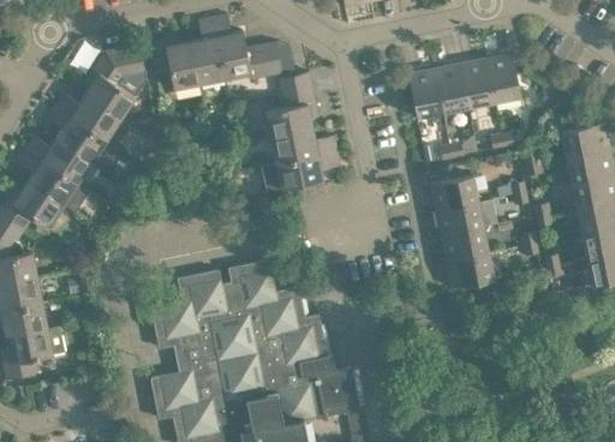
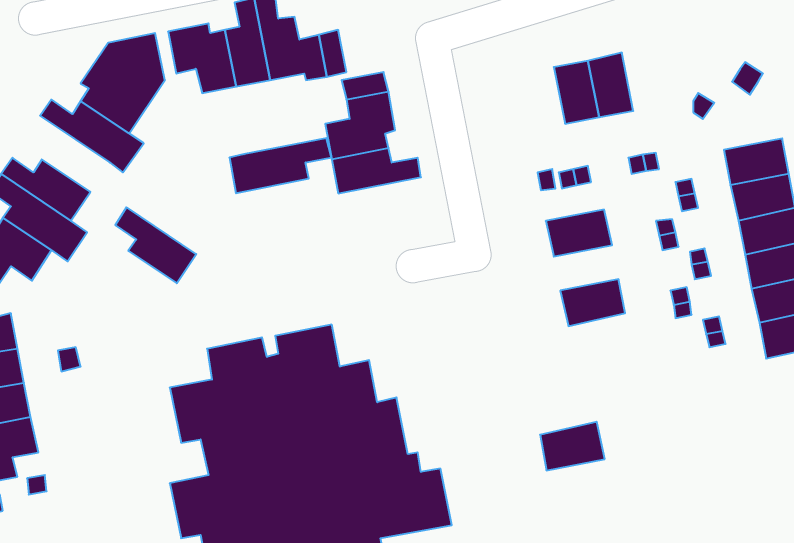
building: [485,54,521,102] -> none
building: [407,70,443,118] -> none
building: [46,106,106,162] -> [115,207,196,283]
building: [264,151,340,192] -> [229,138,331,193]
building: [435,202,483,235] -> none
building: [446,252,494,288] -> [540,422,605,470]

